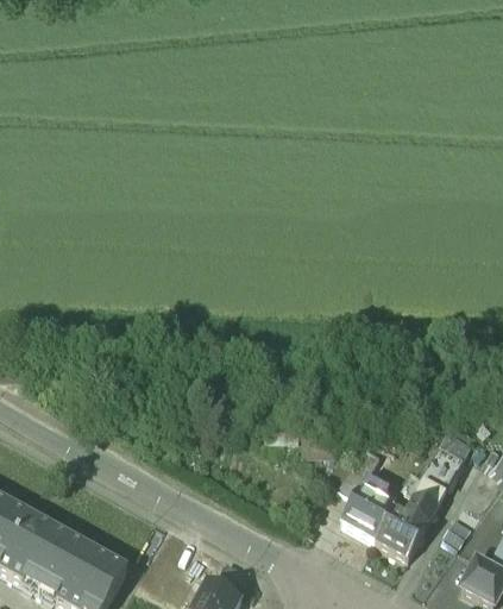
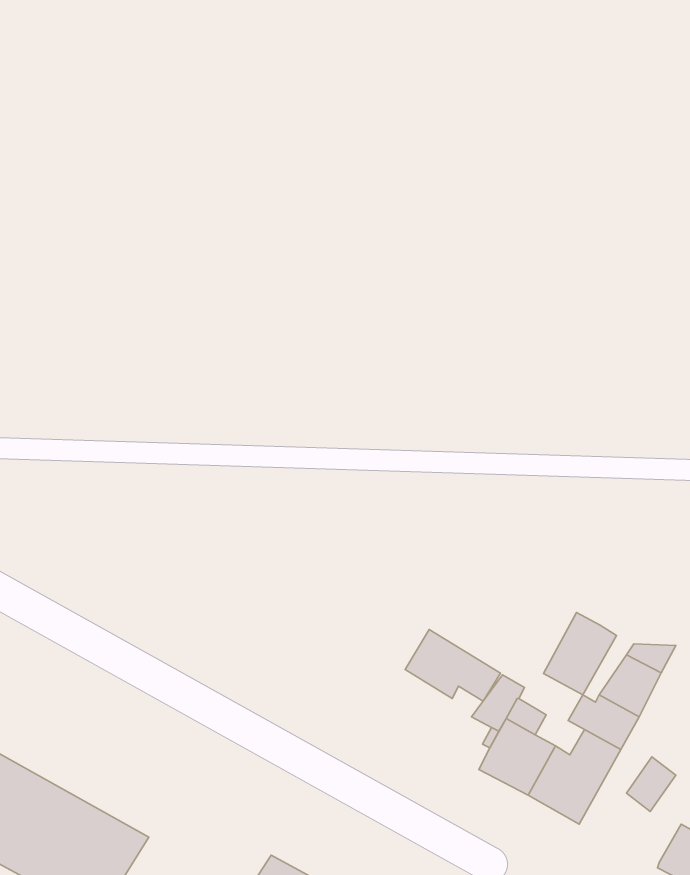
building: none -> [543,613,616,695]
building: none -> [405,630,501,701]

